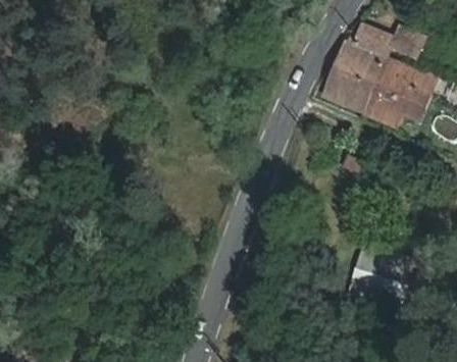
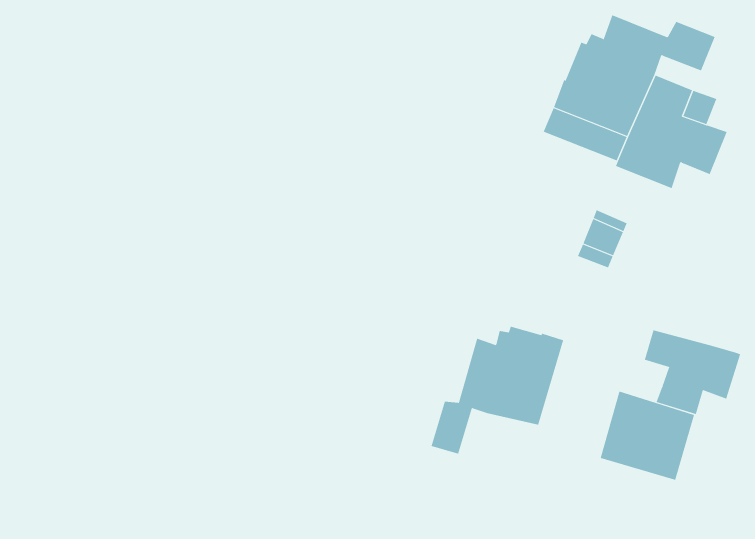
building: none -> [431,326,564,455]
building: none -> [644,330,741,415]

